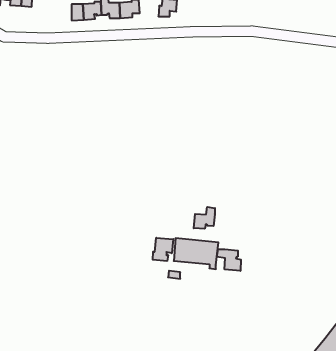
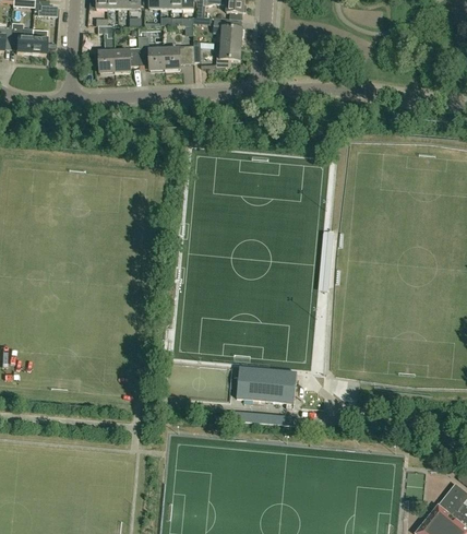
building: [194,207,215,229] -> none
building: [153,238,173,261] -> none
building: [217,249,241,271] -> none

